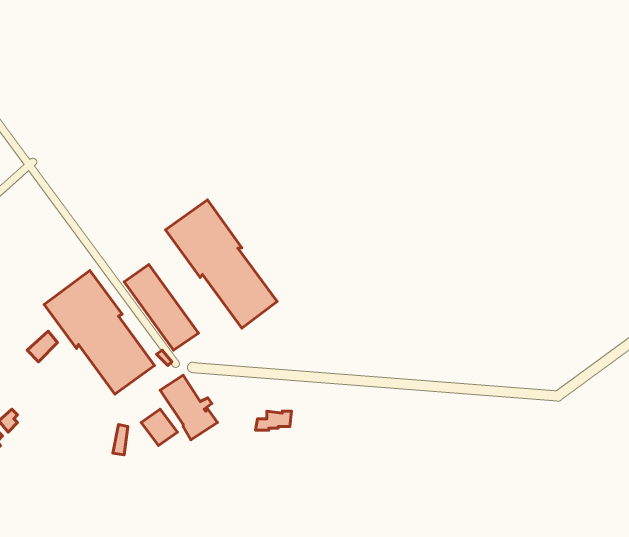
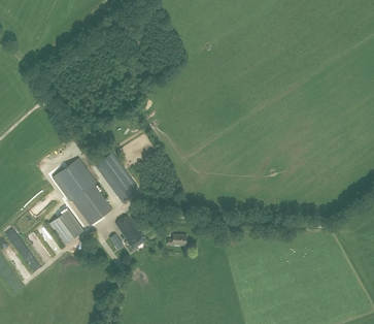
building: [166,200,277,328] -> none
building: none -> [48,209,82,244]

